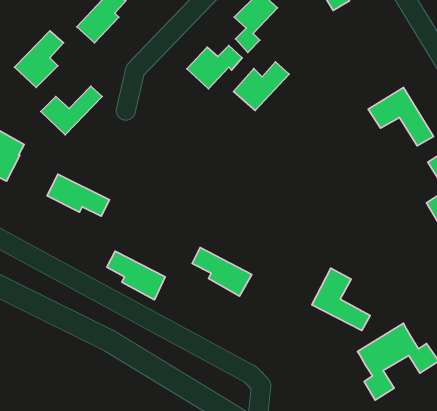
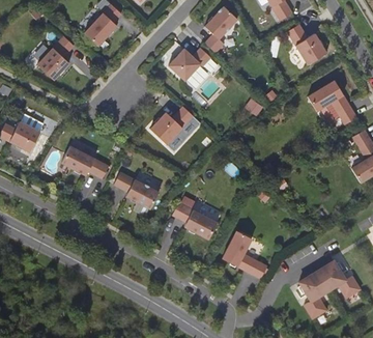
building: none -> [287,24,326,65]
building: [234,62,289,111] -> [150,107,193,144]
building: [41,86,102,135] -> none
building: [107,251,165,300] -> [114,172,159,209]
building: [312,268,370,330] -> [222,230,266,278]

